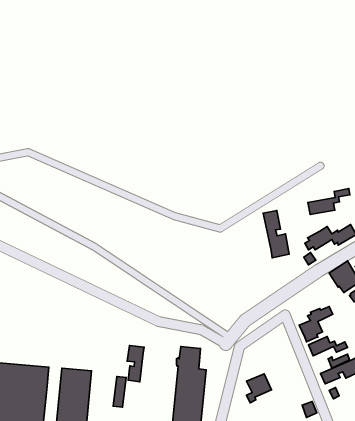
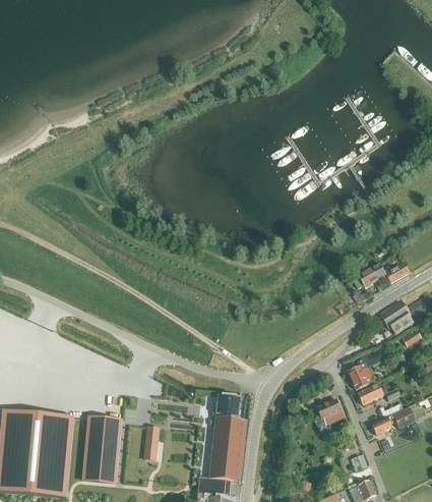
building: [308,188,350,214] -> none
building: [263,210,289,258] -> none
building: [127,346,144,382] -> none
building: [246,374,272,403] -> [316,399,344,431]

